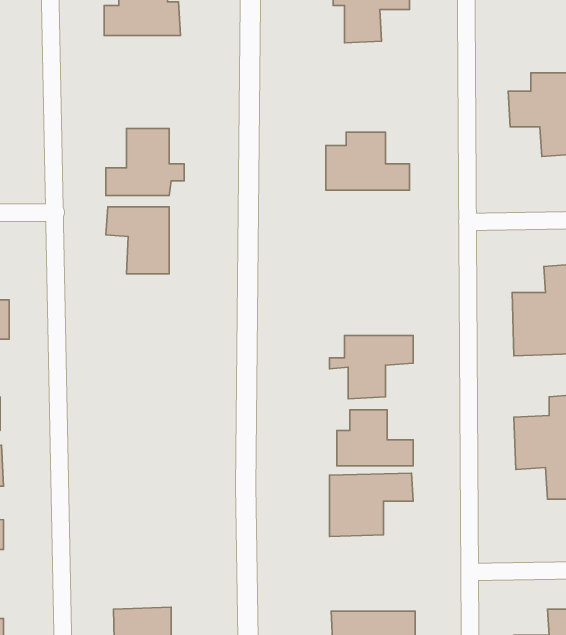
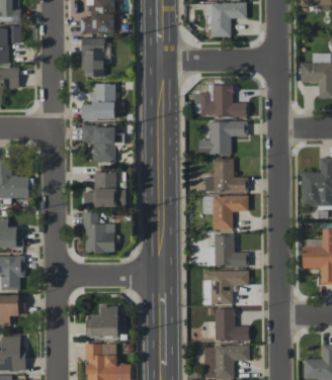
building: none -> [81,38,104,78]
building: none -> [198,121,247,155]
building: none -> [204,161,247,193]
building: none -> [84,173,127,208]
building: none -> [83,212,114,253]
building: none -> [85,306,124,338]
building: none -> [214,308,248,342]

